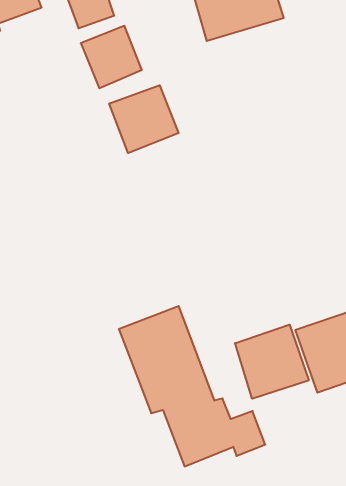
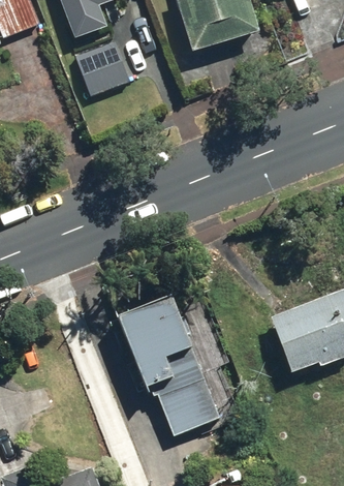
building: [109,85,178,153] -> none
building: [235,325,309,399] -> none

